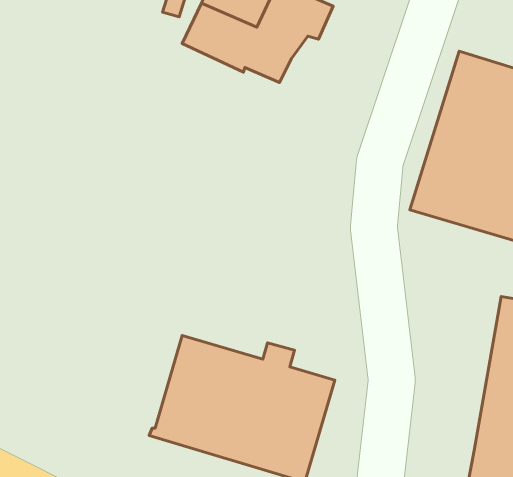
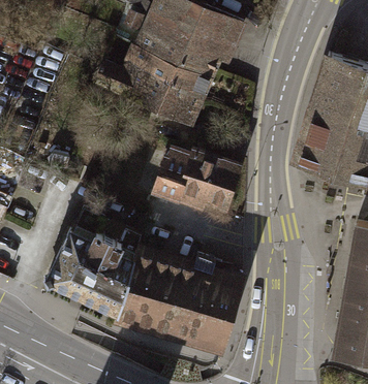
building: none -> [95,47,204,125]
building: none -> [153,154,239,211]
building: none -> [45,211,141,316]

